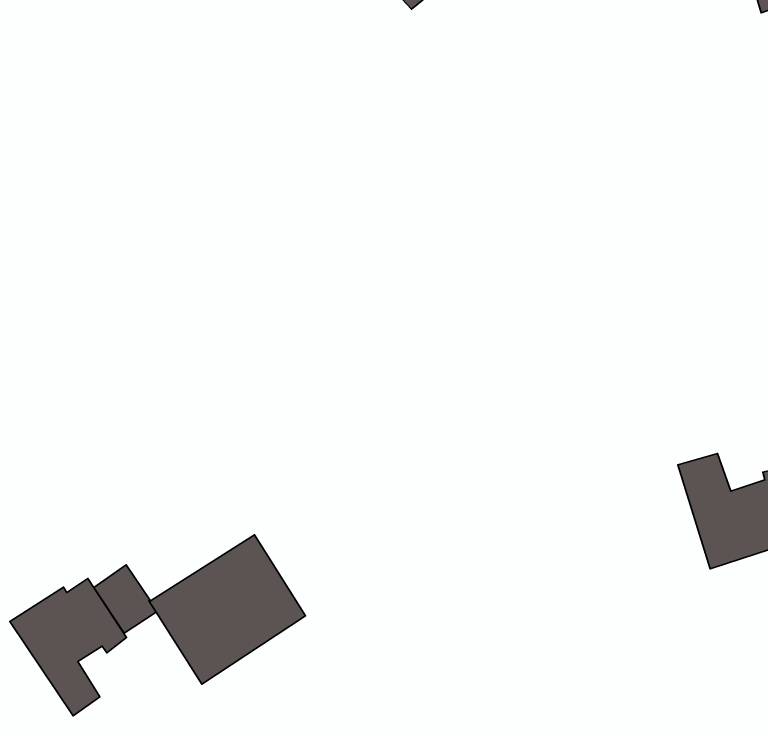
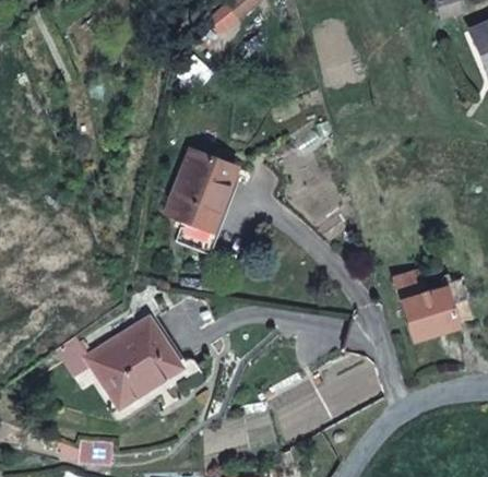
building: none -> [168,148,237,250]
building: [10,578,127,716] -> none

